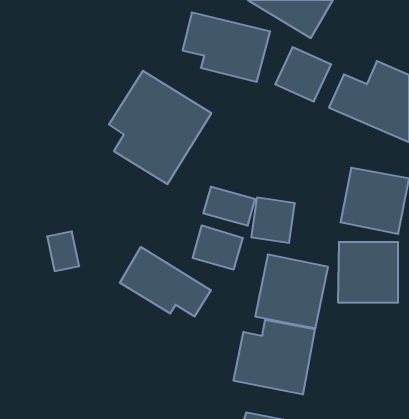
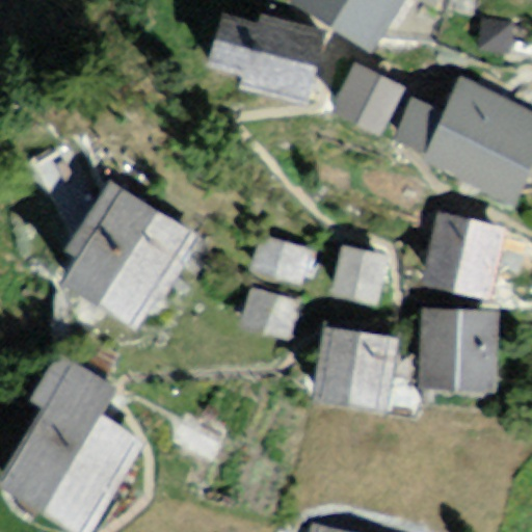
building: [109,71,211,184] -> [69,182,197,324]
building: [120,247,211,317] -> none
building: none -> [4,360,137,526]
building: [234,320,315,395] -> none

